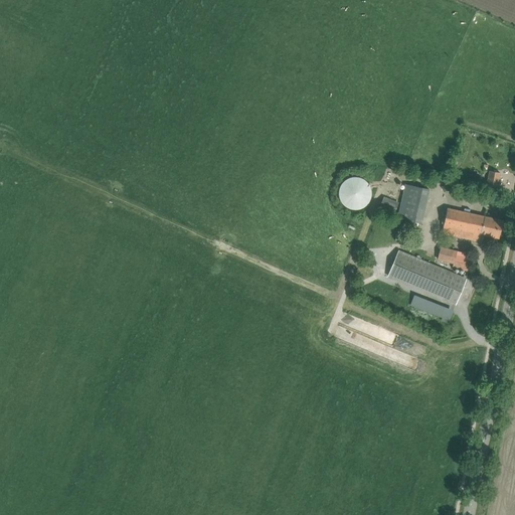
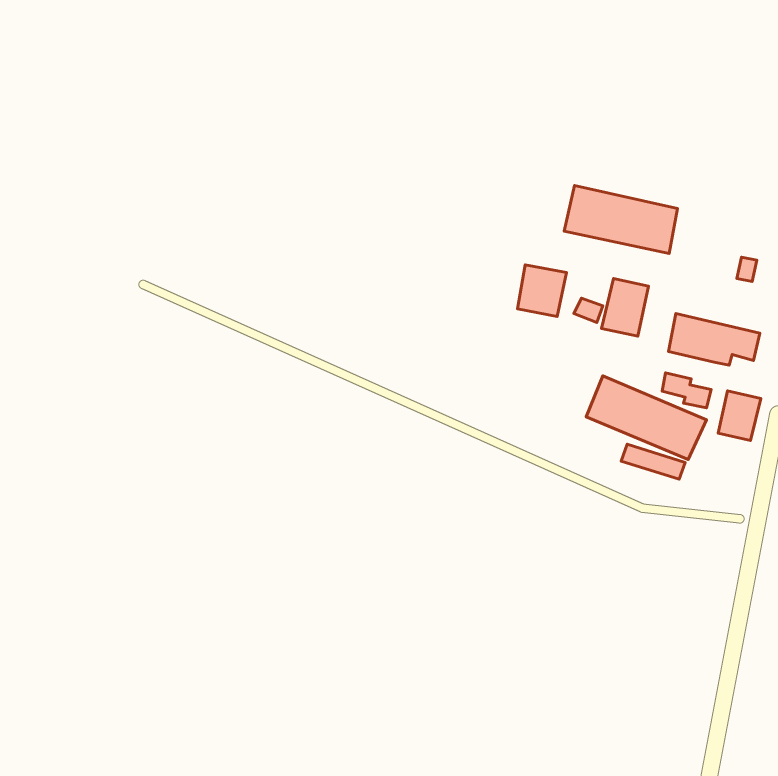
building: none -> [564,186,678,253]
building: none -> [718,391,761,440]

